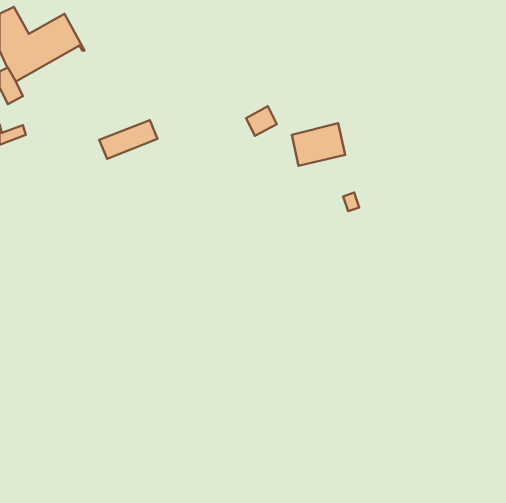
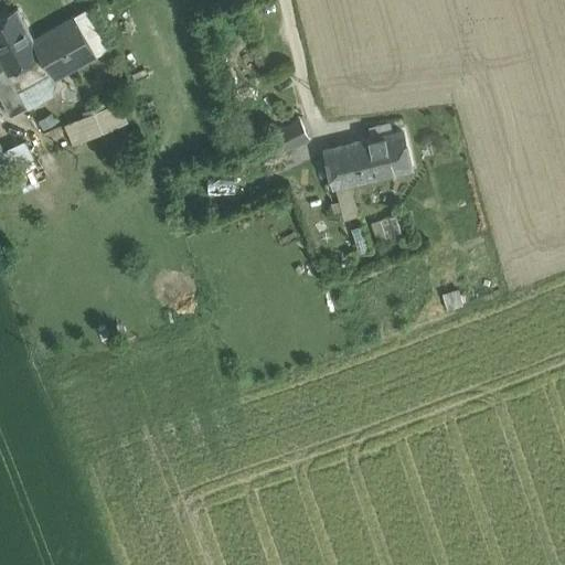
building: none -> [376,136,411,177]
building: [99,120,158,159] -> [63,104,128,147]

